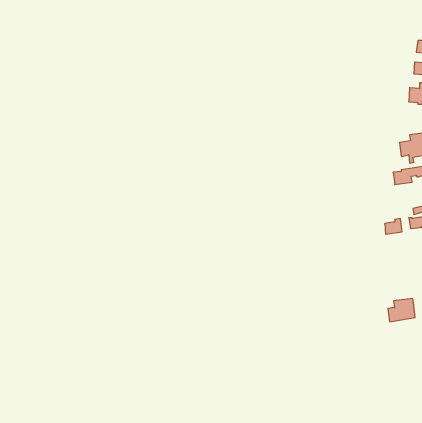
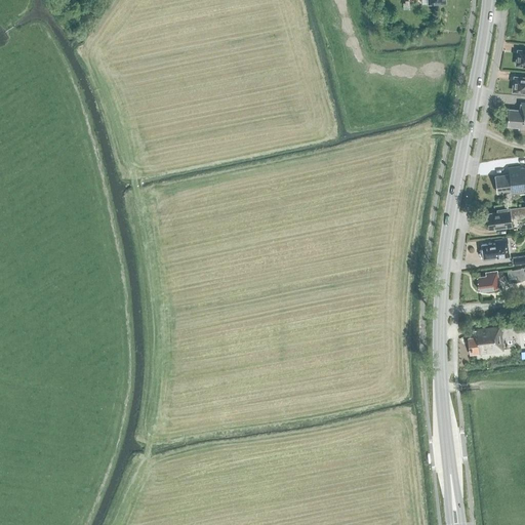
building: none -> [482,239,511,258]
building: [388,299,415,322] -> [470,326,503,355]

